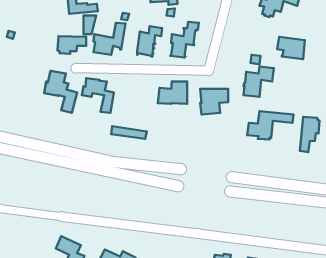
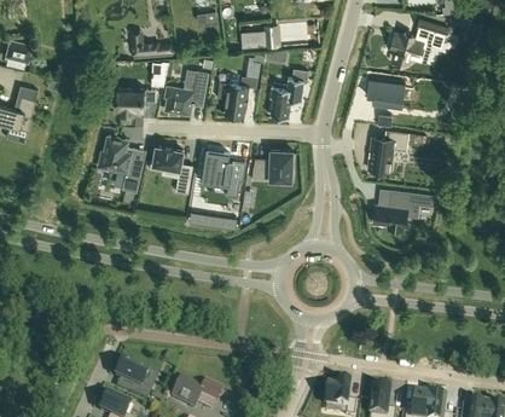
building: [277,37,305,59] -> [366,80,404,110]
building: none -> [201,151,245,197]
building: [200,89,228,114] -> none
building: [300,117,319,152] -> none

